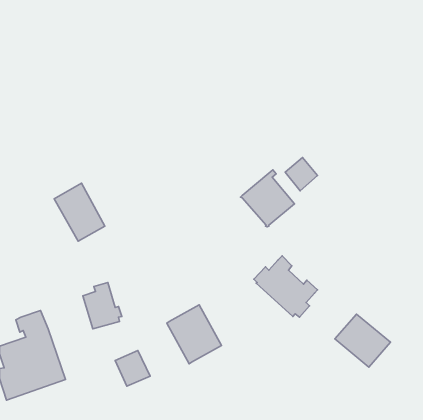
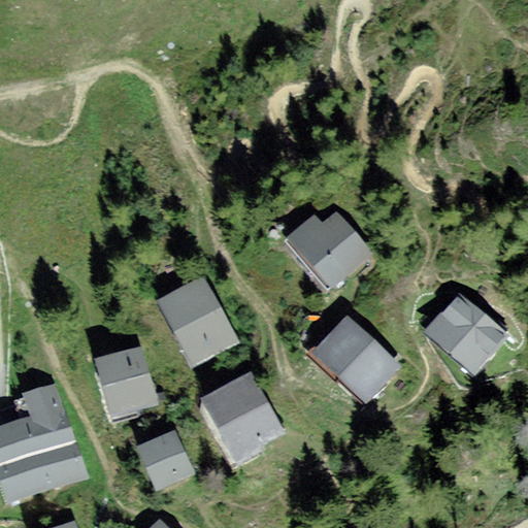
building: [285,158,318,191] -> none
building: [54,183,105,241] -> [165,284,228,356]
building: [335,314,390,367] -> [431,299,500,365]

